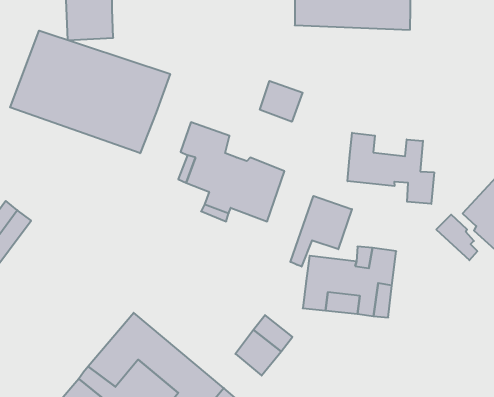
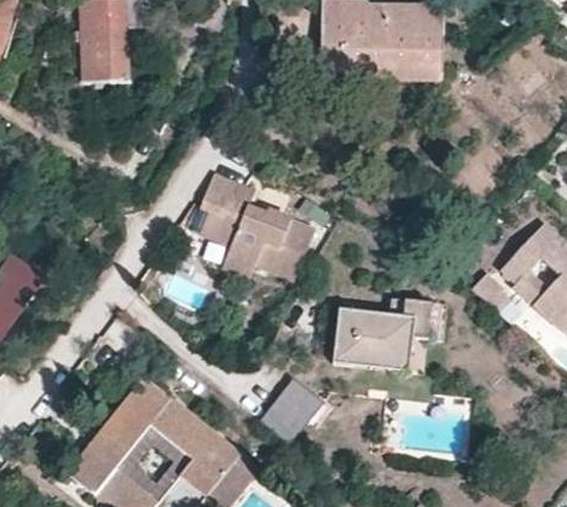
building: [10,31,170,153] -> none
building: [260,81,303,122] -> none
building: [348,133,434,204] -> none
building: [290,196,352,267] -> none

